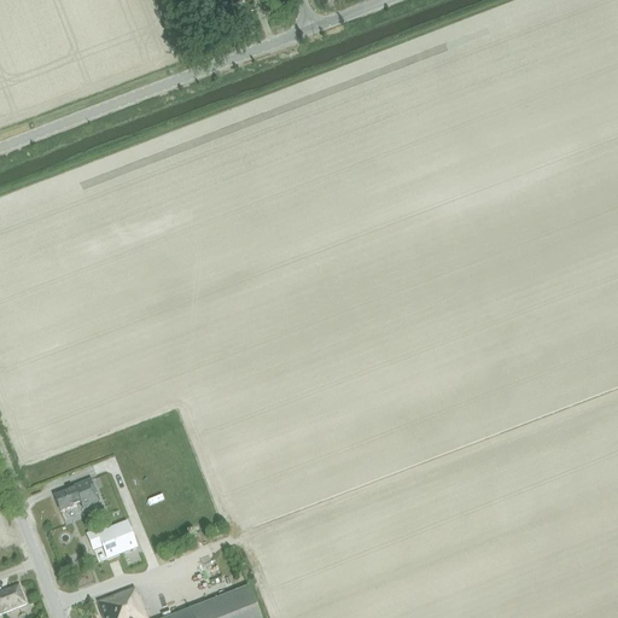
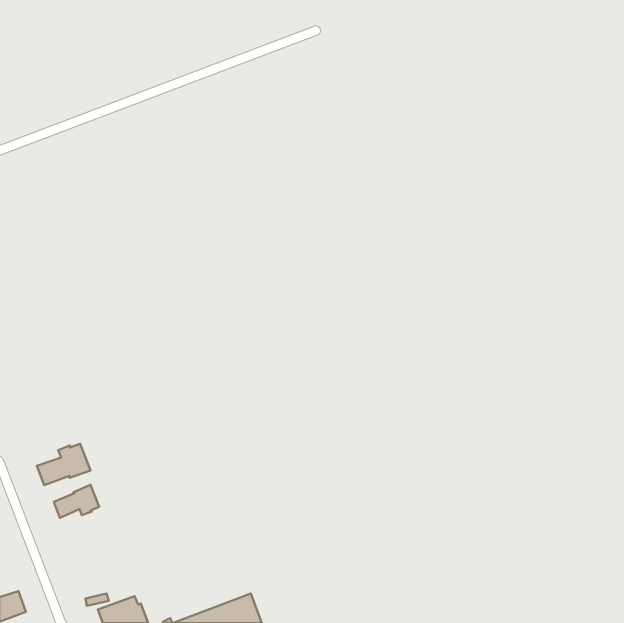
building: none -> [37,444,91,485]
building: [86,520,135,558] -> none

